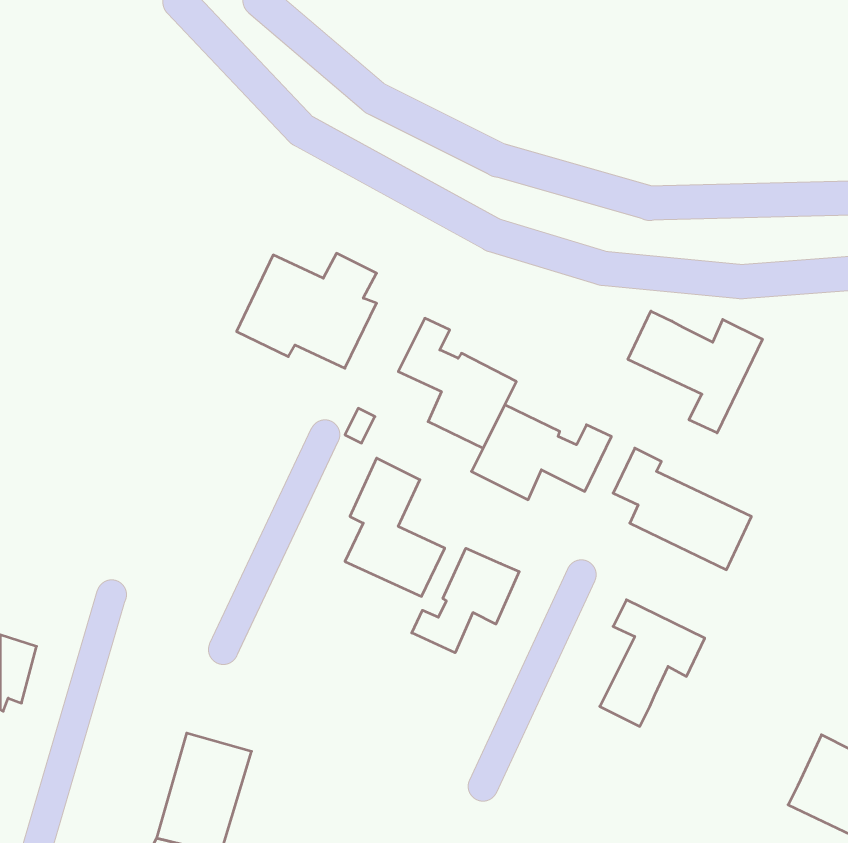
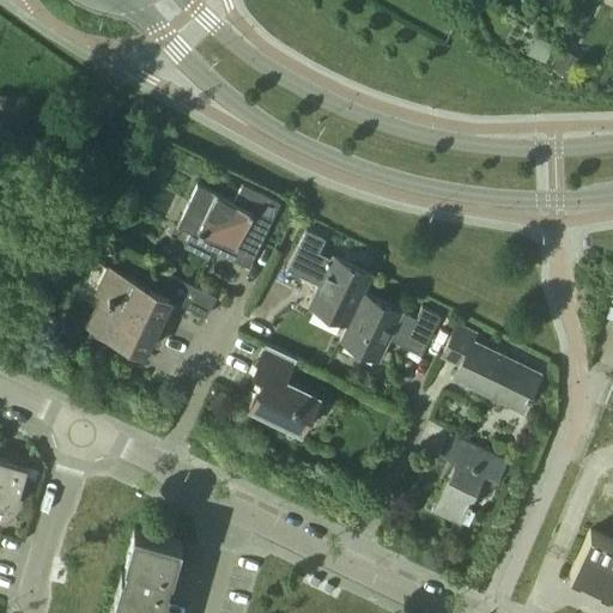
building: [628,311,762,433] -> none
building: none -> [89,272,218,357]
building: [412,548,519,653] -> none

